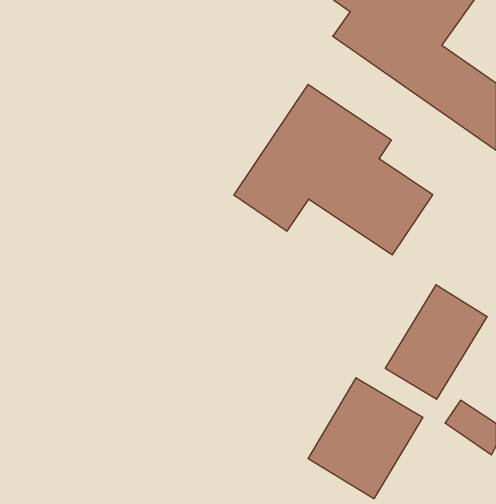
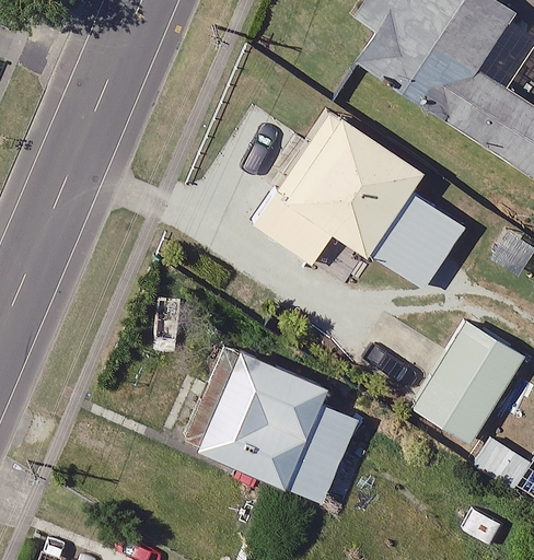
building: none -> [185,341,365,501]
building: [308,378,423,499] -> none

